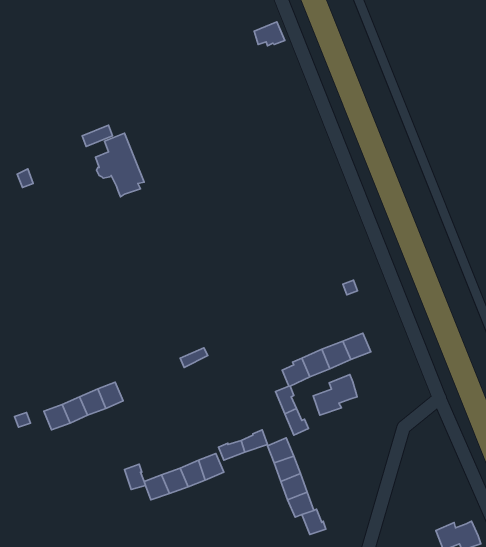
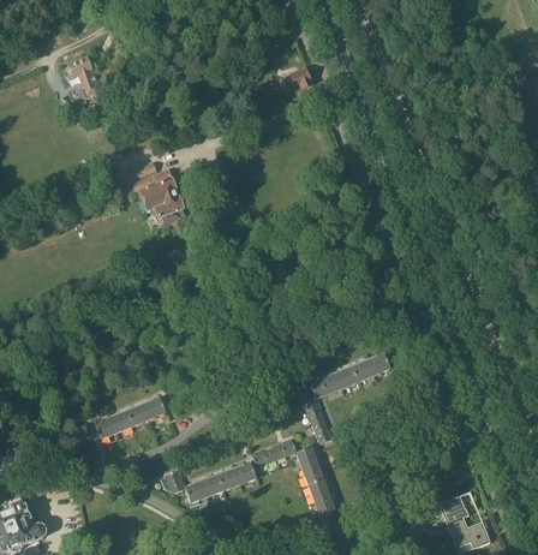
building: none -> [66,55,98,94]
building: [313,375,357,415] -> none
building: none -> [438,495,467,530]

